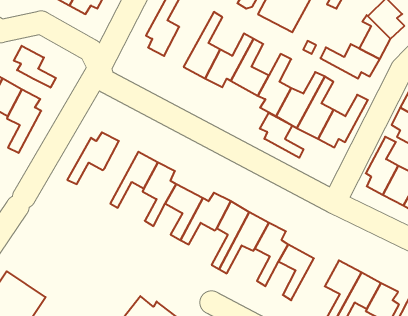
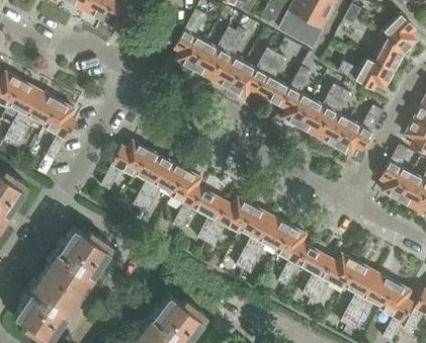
building: none -> [191,26,236,78]
building: [14,46,56,88] -> none
building: [260,113,303,158] -> none
building: none -> [134,148,167,206]
building: none -> [44,226,113,294]
building: none -> [311,252,355,302]

